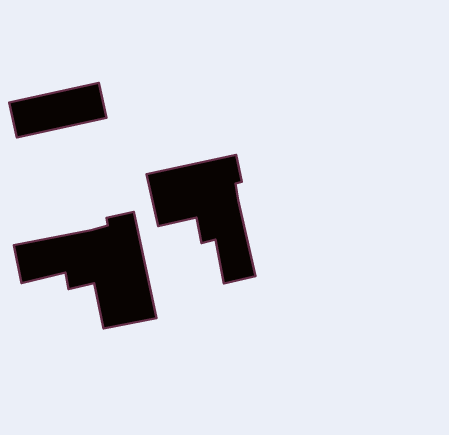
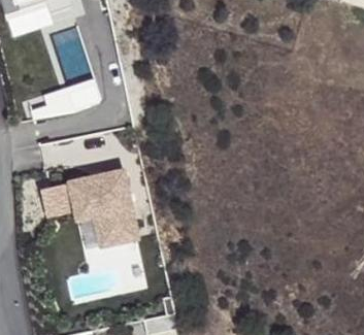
building: [146,155,256,283] -> none

